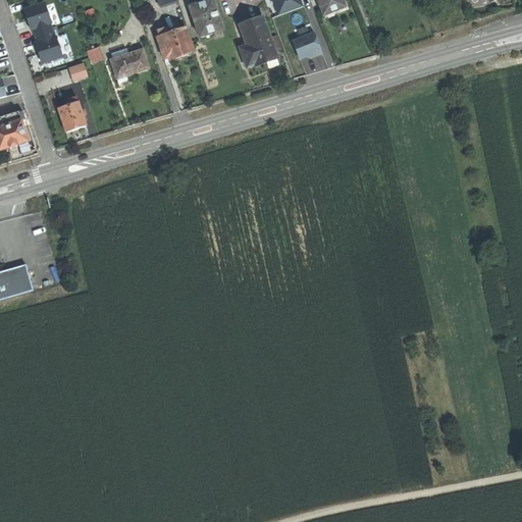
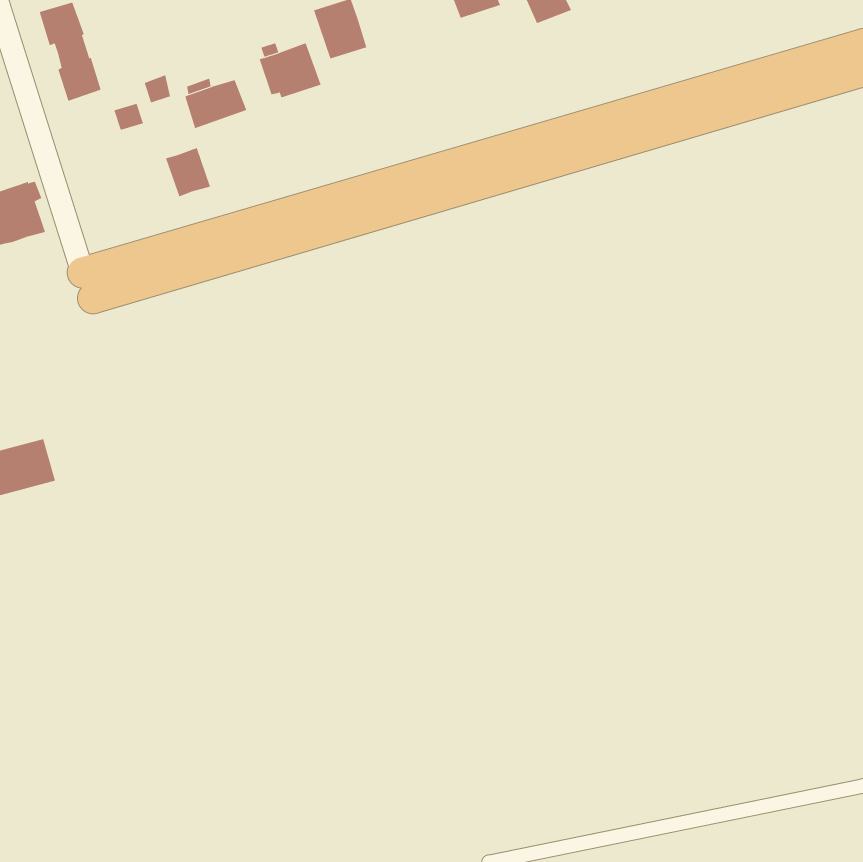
building: [240,17,276,66] -> none
building: [292,32,321,58] -> none
building: [58,101,86,130] -> [165,148,211,197]

